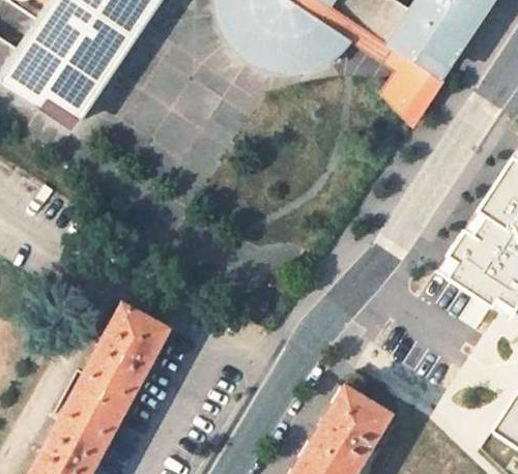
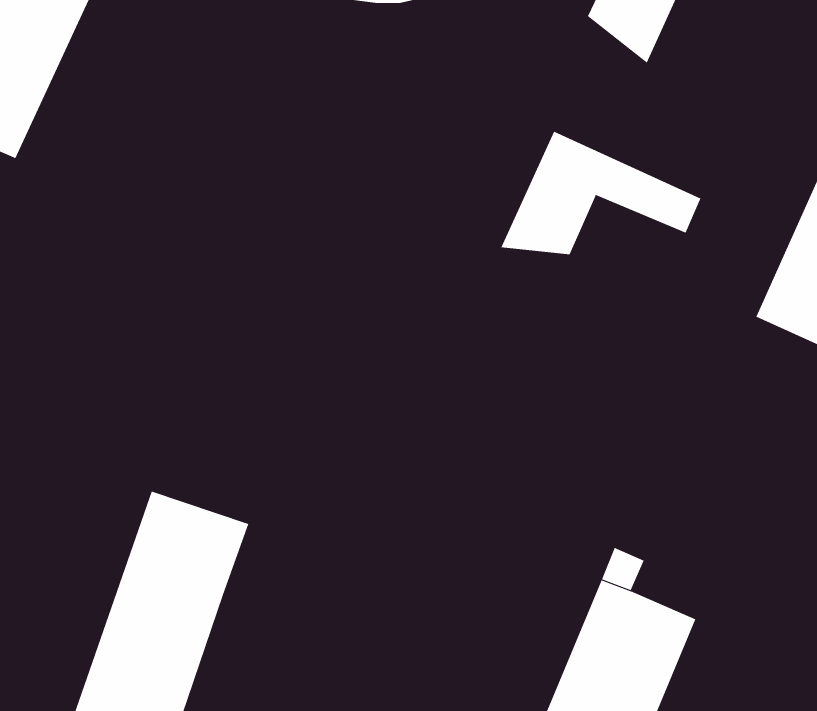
building: none -> [501,131,701,255]

